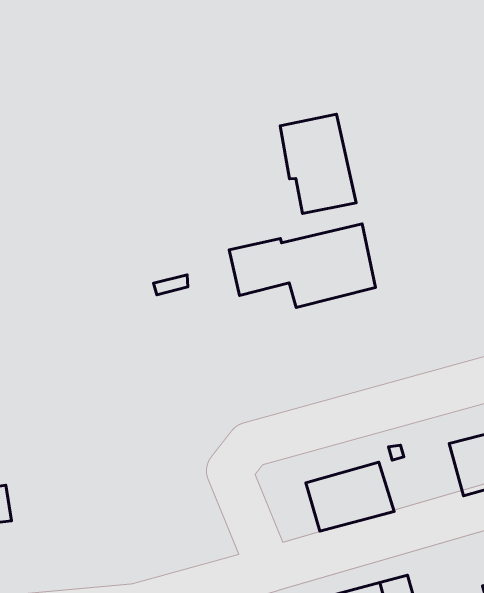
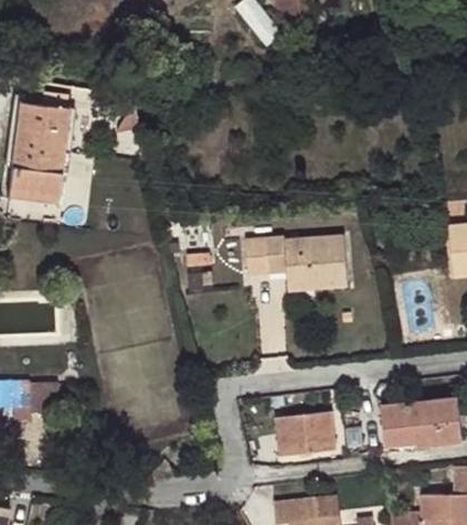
building: [280,114,356,214] -> none

